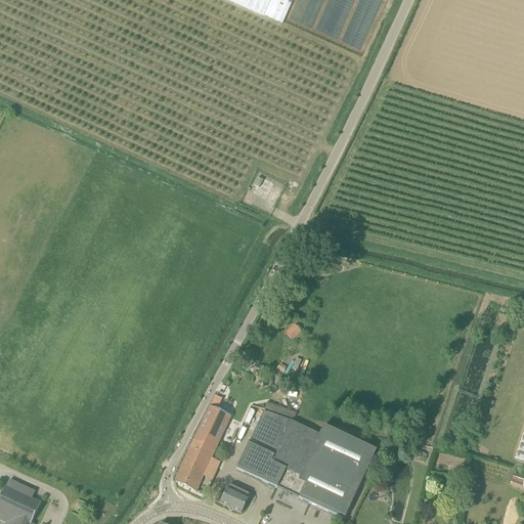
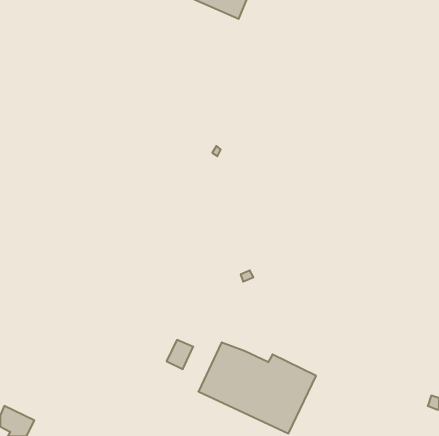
building: [176,431,218,489] -> none
building: [215,483,251,512] -> none

